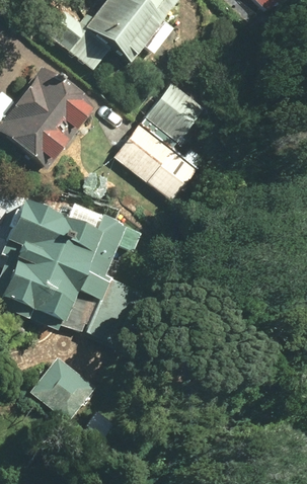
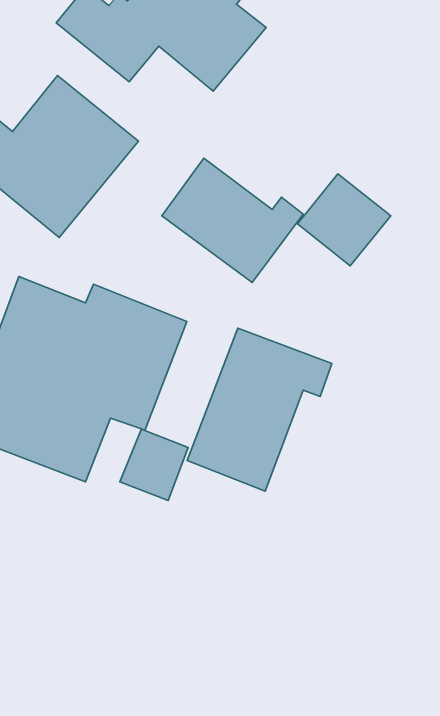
building: [145,83,206,143] -> [297,174,391,266]
building: none -> [187,328,332,491]
building: [28,355,94,420] -> none

